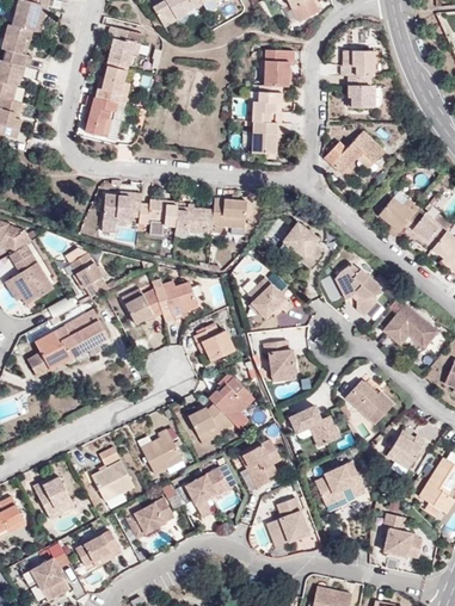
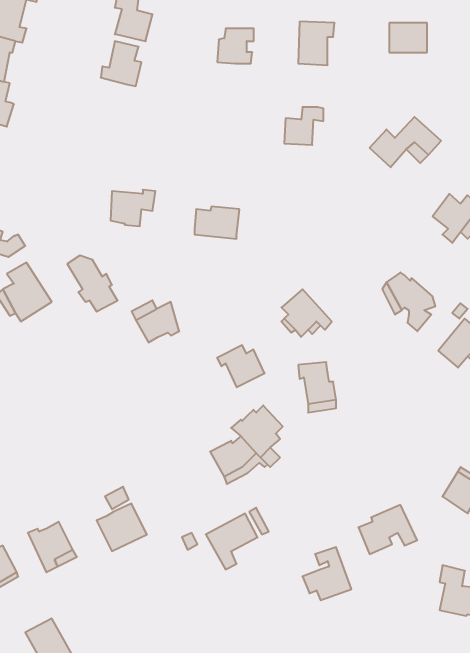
building: [348,76,374,109] -> none
building: [251,93,282,123] -> [217,28,254,63]
building: [84,95,117,138] -> none
building: [210,199,246,234] -> none
building: [137,200,177,227] -> none
building: [282,222,324,268] -> none
building: [152,279,197,322] -> none
building: [27,310,107,377] -> none
building: [344,379,393,423] -> none
building: [288,404,339,447] -> none
building: [140,429,182,475] -> none
building: [240,440,279,488] -> none
building: [124,497,173,539] -> none
building: [73,527,118,562] -> none

